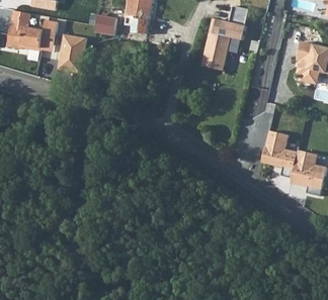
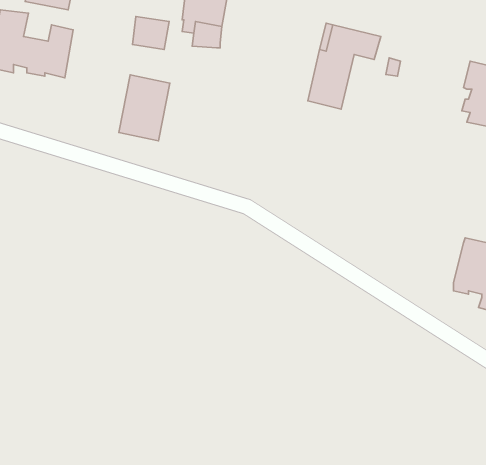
building: [54,33,85,74] -> [119,75,170,141]
building: [261,131,297,178] -> none

